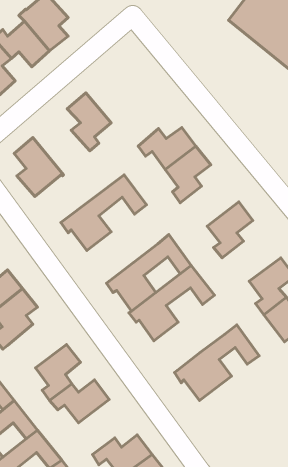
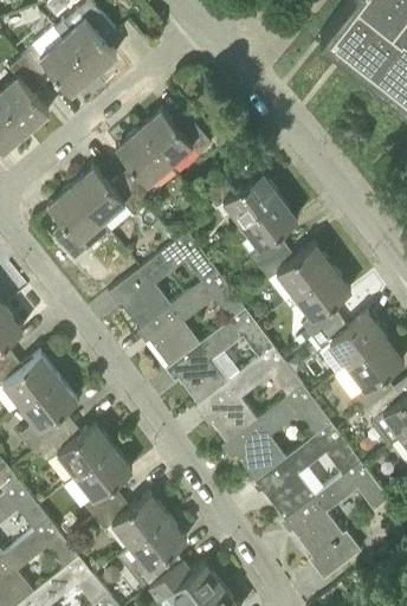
building: none -> [140,109,212,166]
building: none -> [72,166,144,232]
building: none -> [259,243,334,303]
building: none -> [137,270,245,367]
building: none -> [312,312,387,373]
building: none -> [222,385,331,481]
building: none -> [40,421,115,477]
building: none -> [280,462,388,579]
building: none -> [130,517,187,587]

